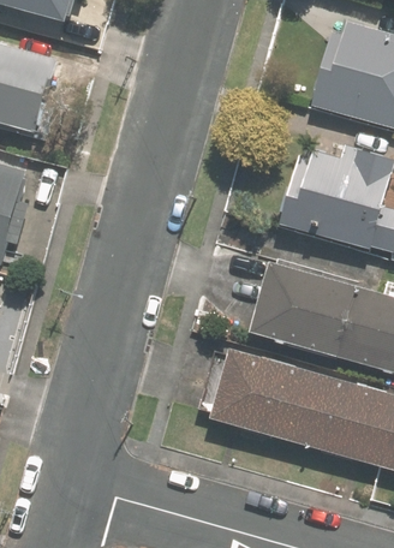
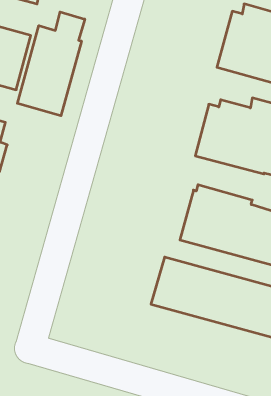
building: none -> [17,12,85,116]

